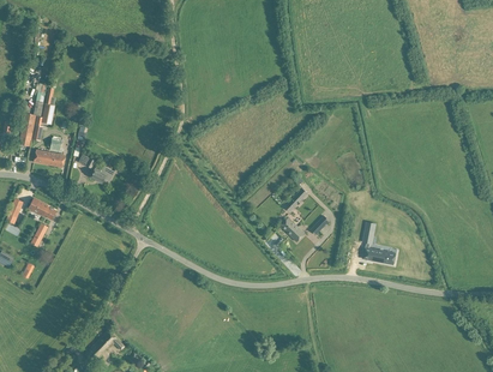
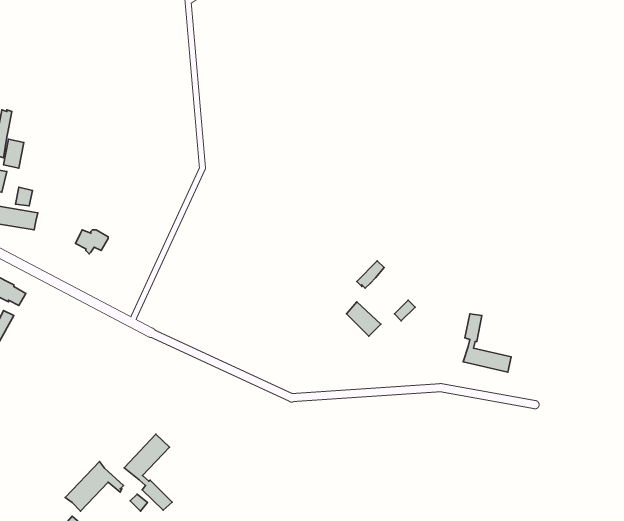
building: none -> [124,434,172,510]

